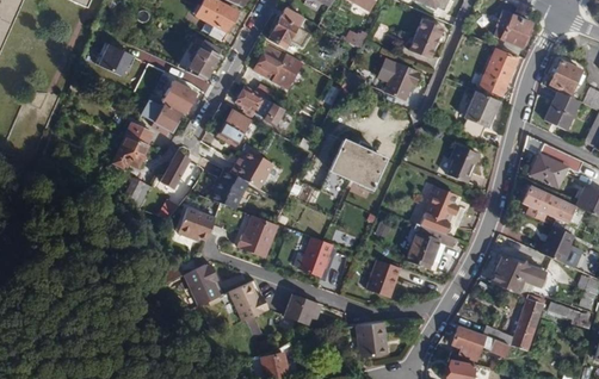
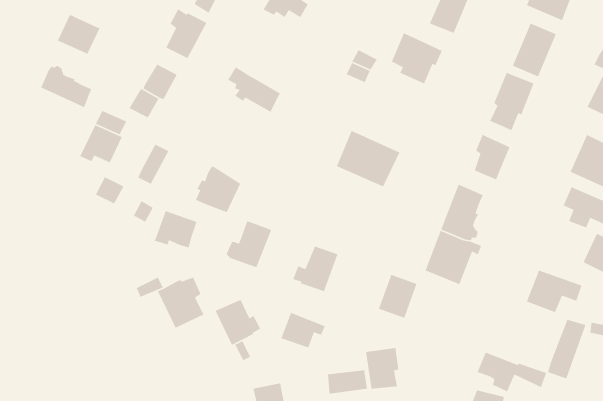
building: [253,43,302,87] -> none
building: none -> [40,65,92,108]
building: [220,111,252,141] -> none
building: [231,150,276,190] -> none
building: none -> [327,369,368,394]

